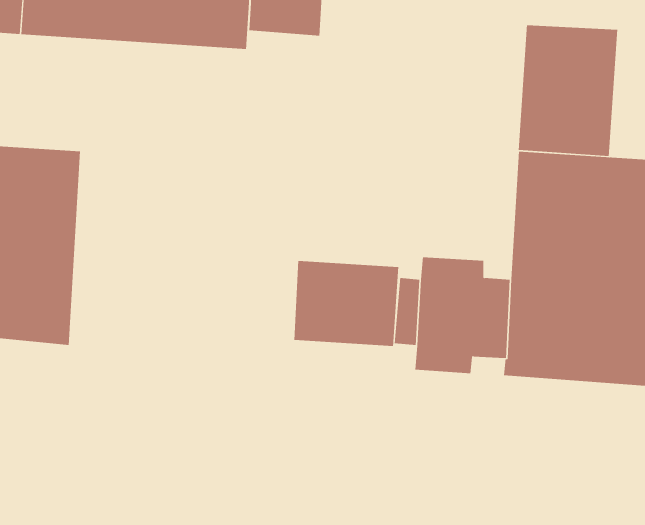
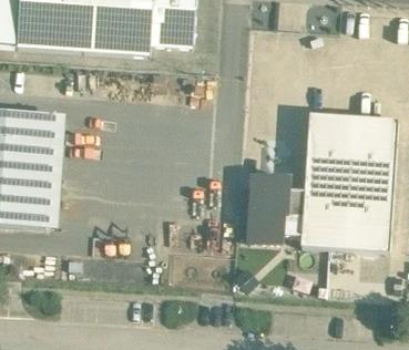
building: [518,25,618,157] -> none
building: [294,260,399,347] -> none

